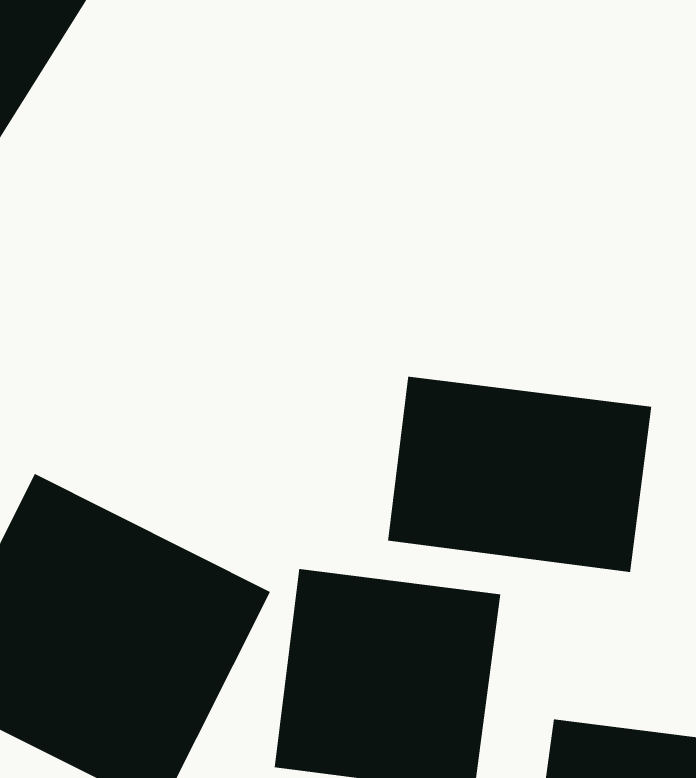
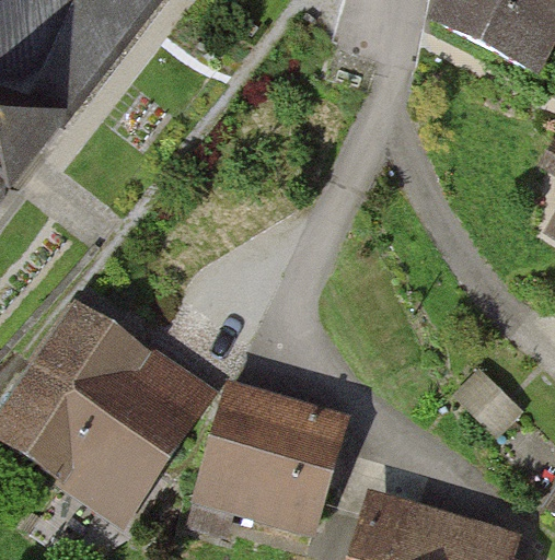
building: [387,376,652,573] -> none

